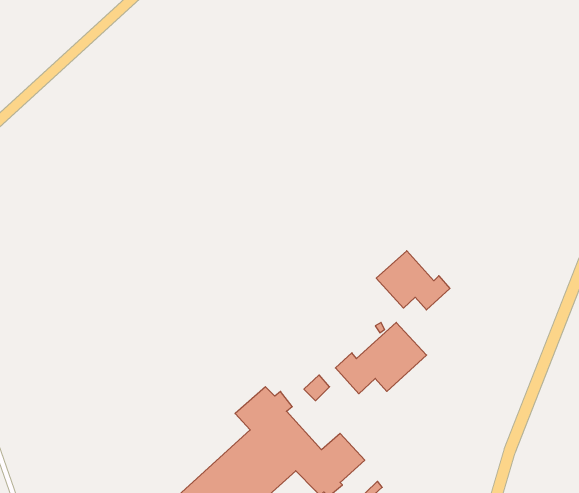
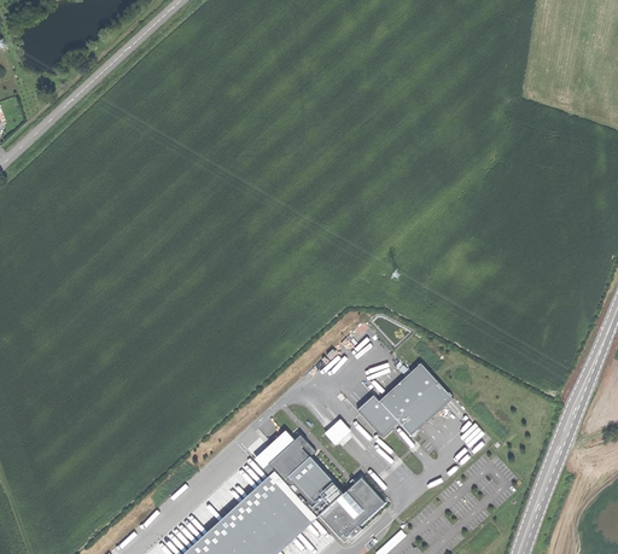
building: [376,251,450,310] -> none

